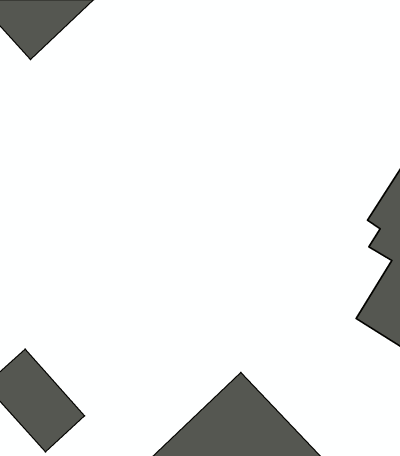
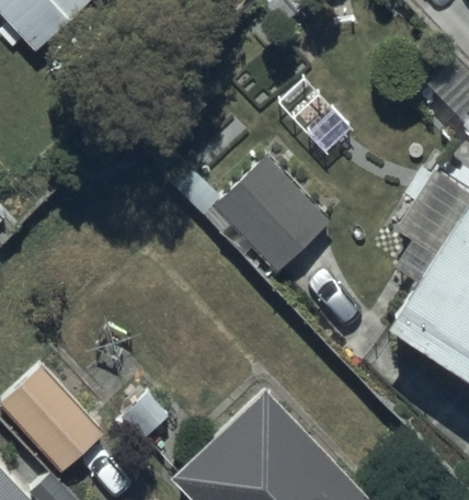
building: none -> [211,157,332,276]

